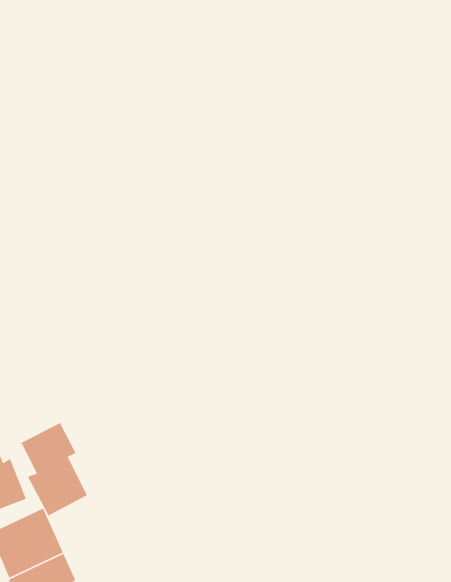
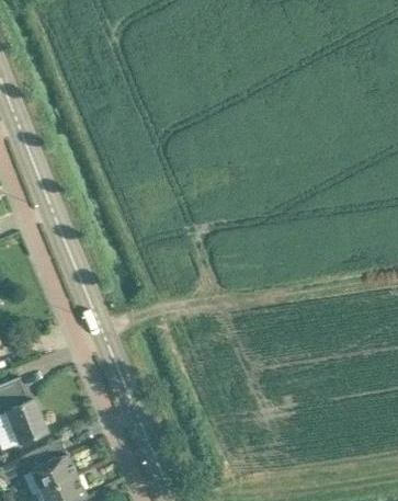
building: [18,421,88,517] -> none

